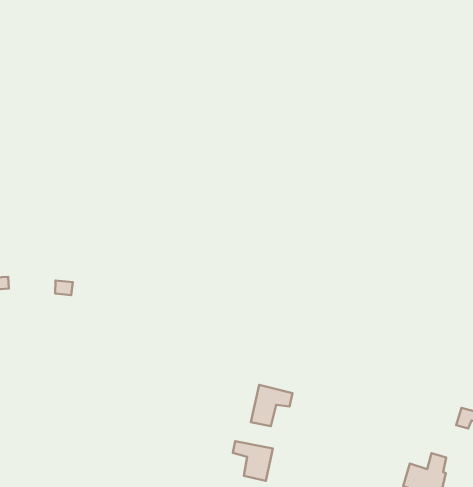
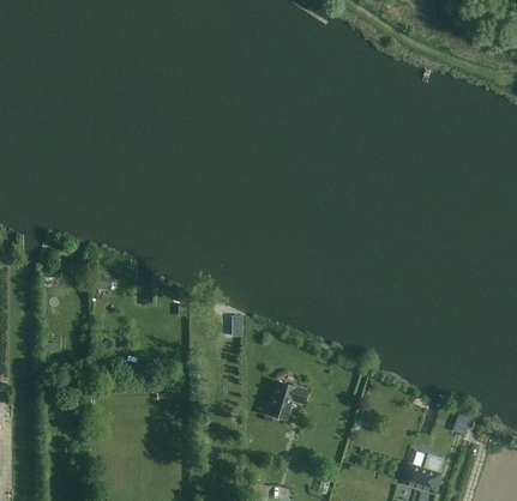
building: [233,441,273,481] -> none

